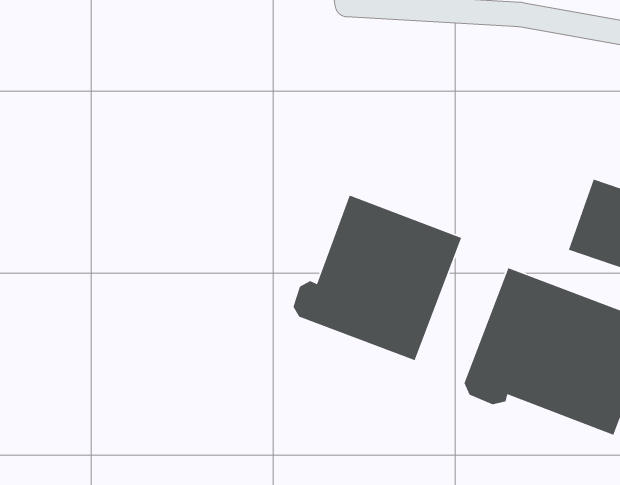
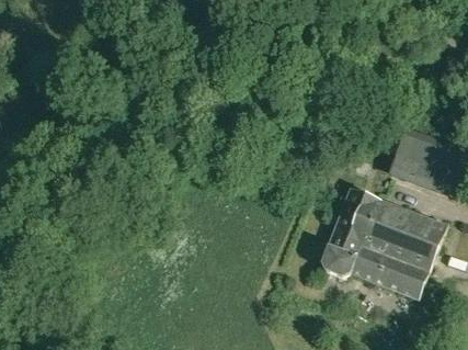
building: [292,195,462,361] -> none

